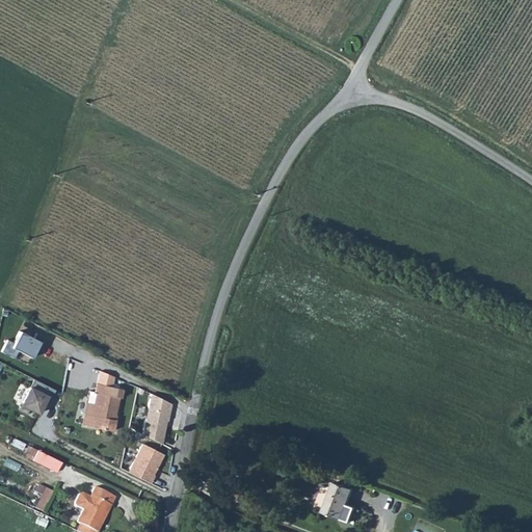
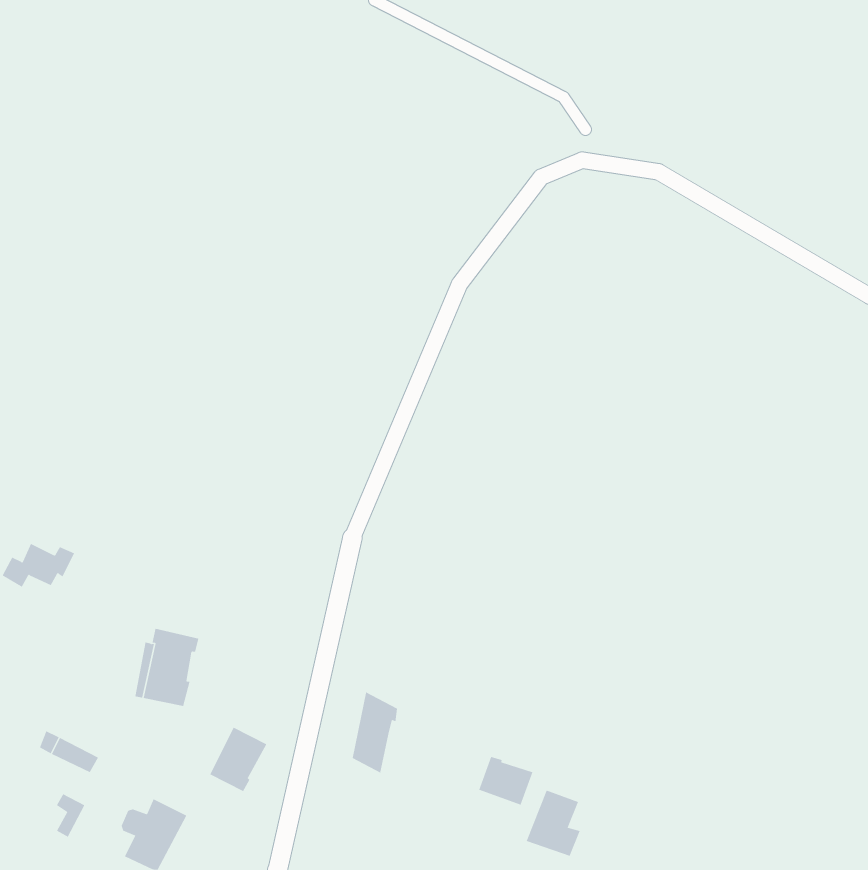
building: [22,379,55,414] -> none
building: [143,394,171,444] -> [352,692,398,773]
building: none -> [479,756,533,806]

